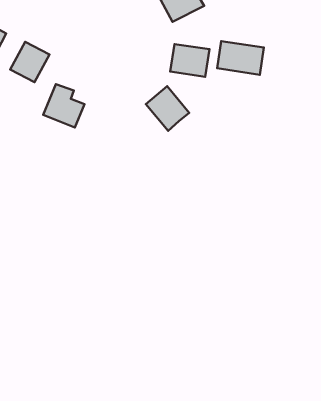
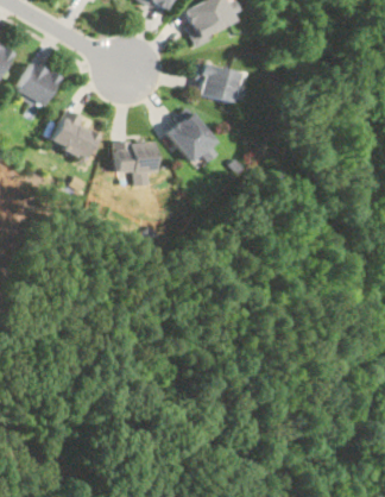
building: [217,41,264,75] -> none
building: none -> [118,141,157,171]

